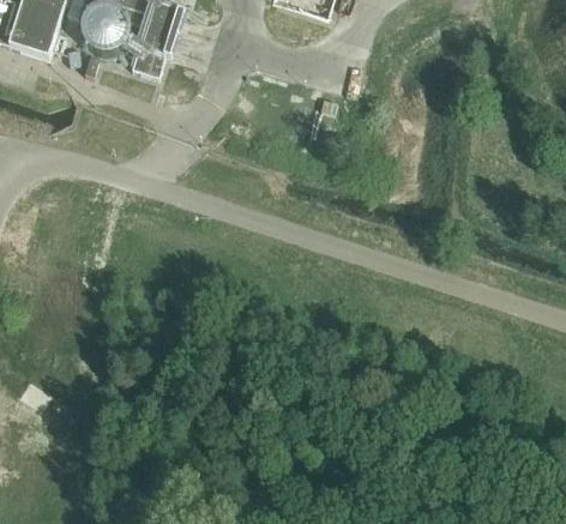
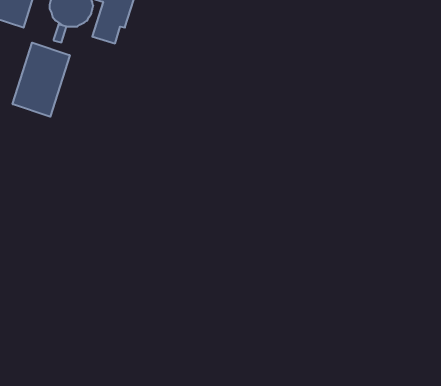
building: none -> [13,43,70,117]

